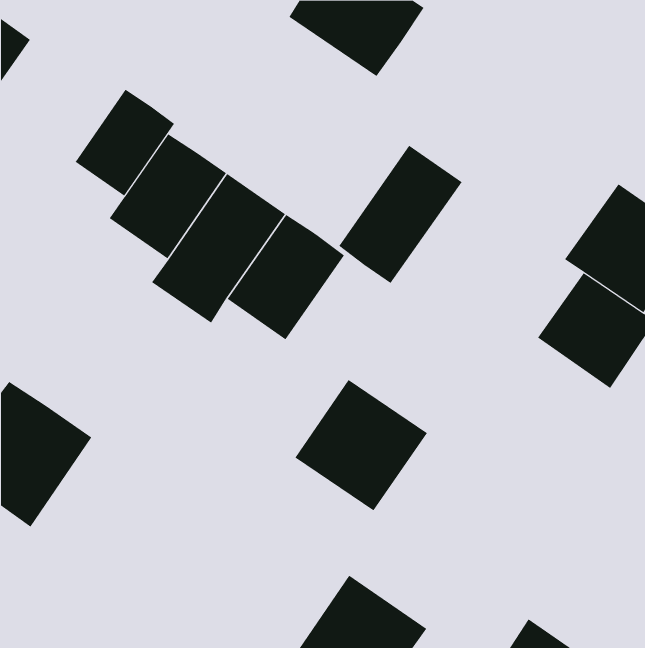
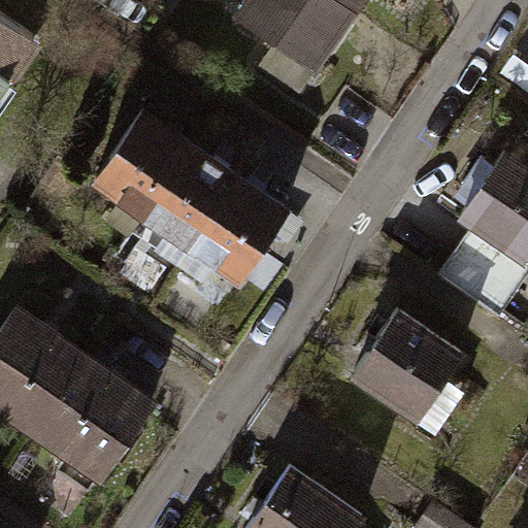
building: [75,89,175,196] -> none
building: [339,145,462,284] -> none
building: [294,379,428,511] -> [354,310,461,417]
building: none -> [33,358,150,476]

